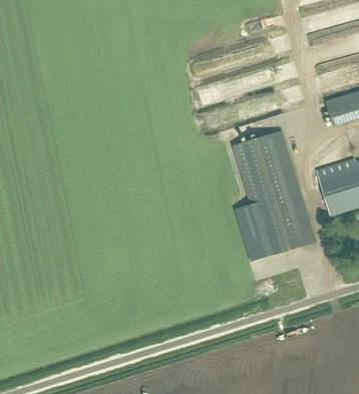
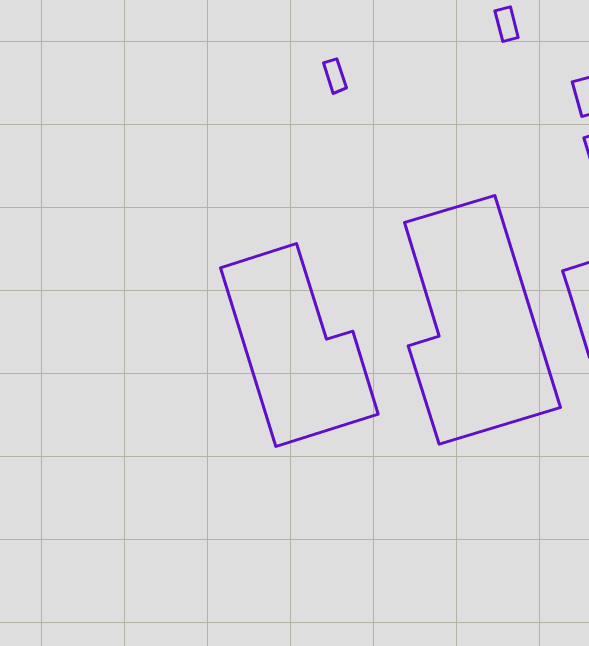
building: none -> [220,243,378,446]

